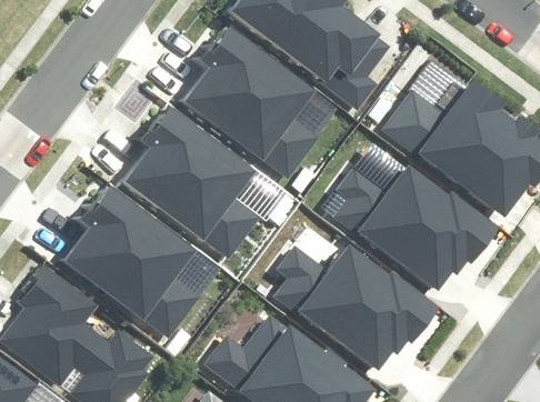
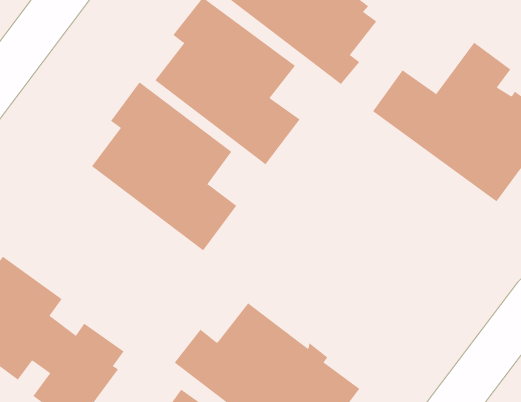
building: [337,164,499,289] -> none
building: [63,183,199,340] -> none
building: [279,248,438,365] -> none

